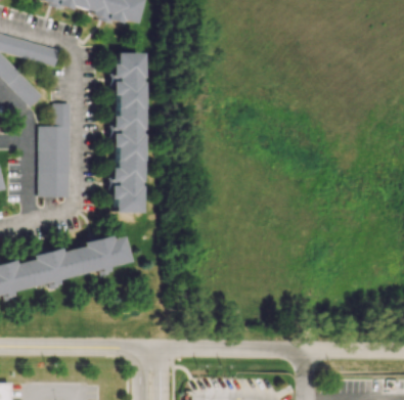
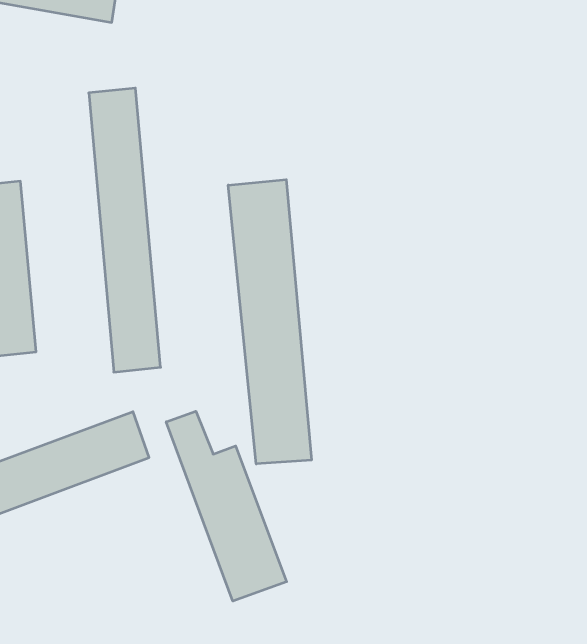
building: none -> [228,180,311,464]
building: none -> [166,411,287,601]

